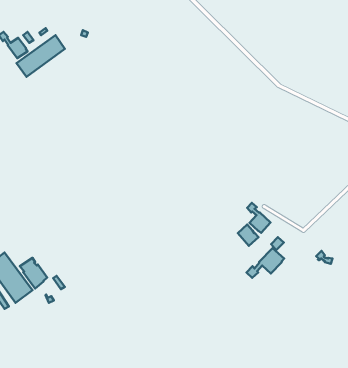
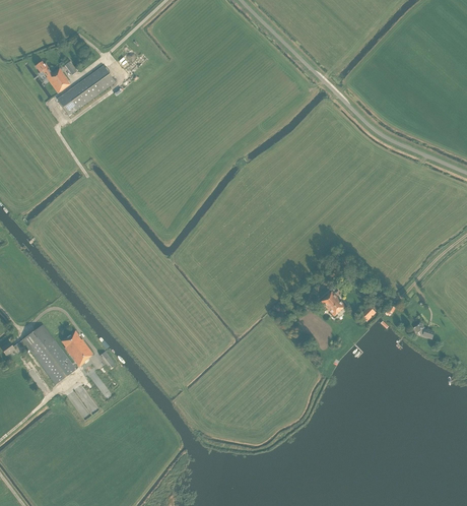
building: [247,203,271,233] -> none
building: [246,248,284,278] -> none

